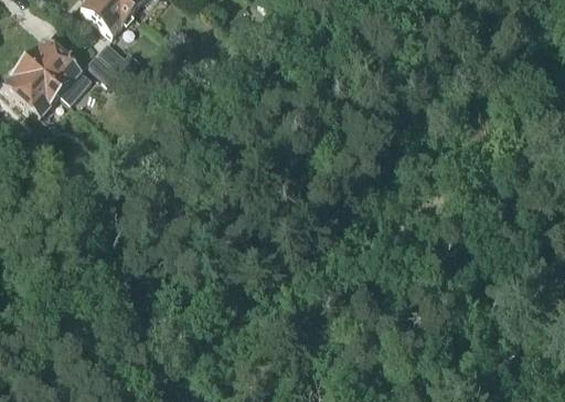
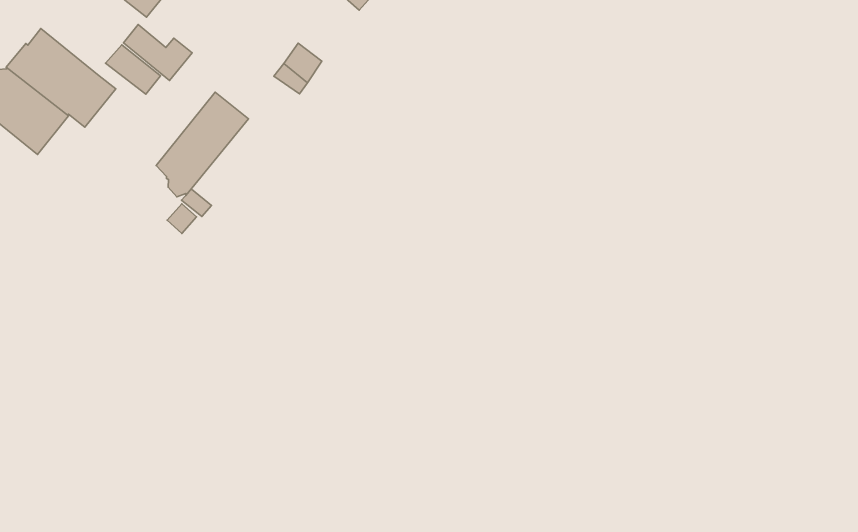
building: none -> [156,92,248,197]

